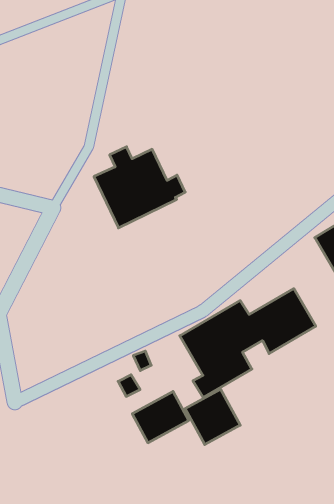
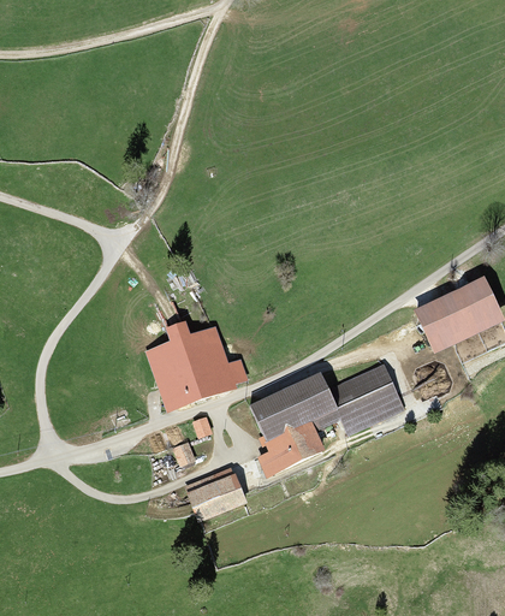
building: [94,147,185,228] -> [145,320,248,411]
building: [185,389,240,445] -> none

